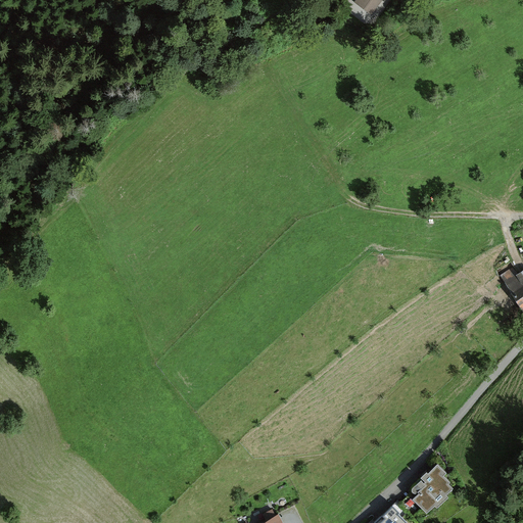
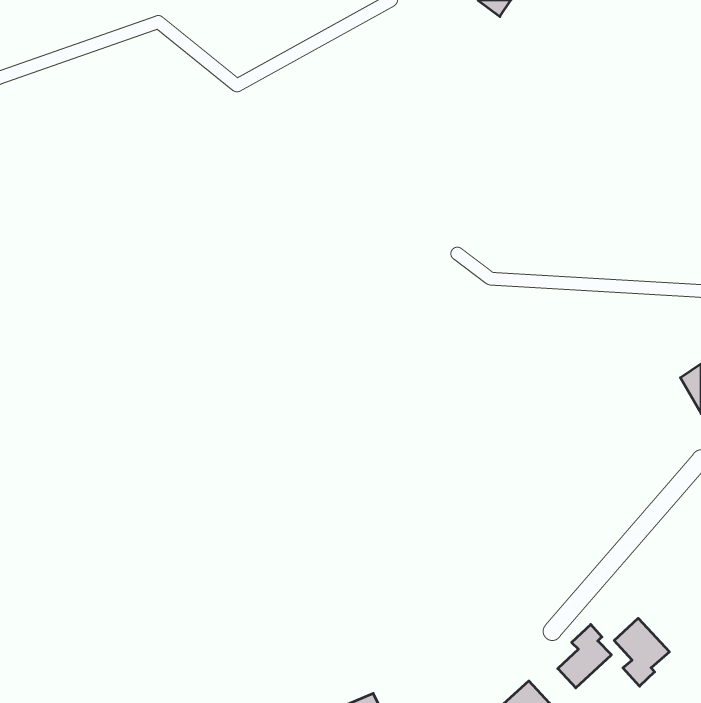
building: none -> [614,618,669,686]

